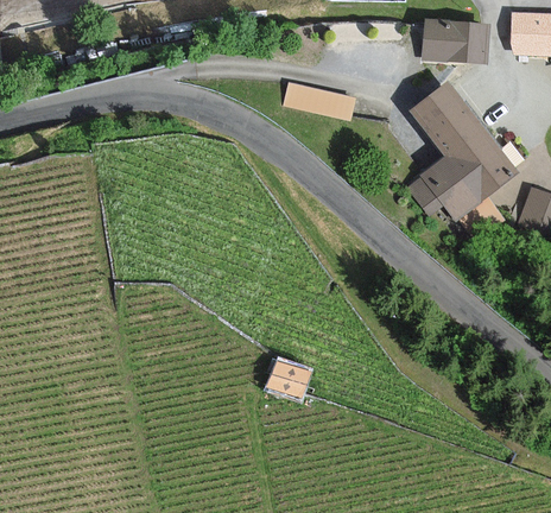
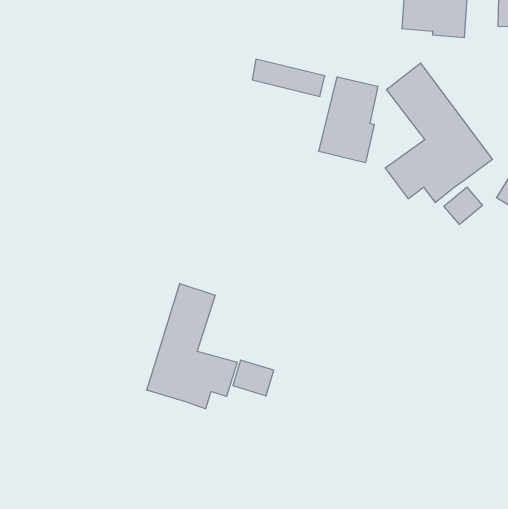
building: none -> [319,77,378,163]
building: none -> [147,283,237,409]

